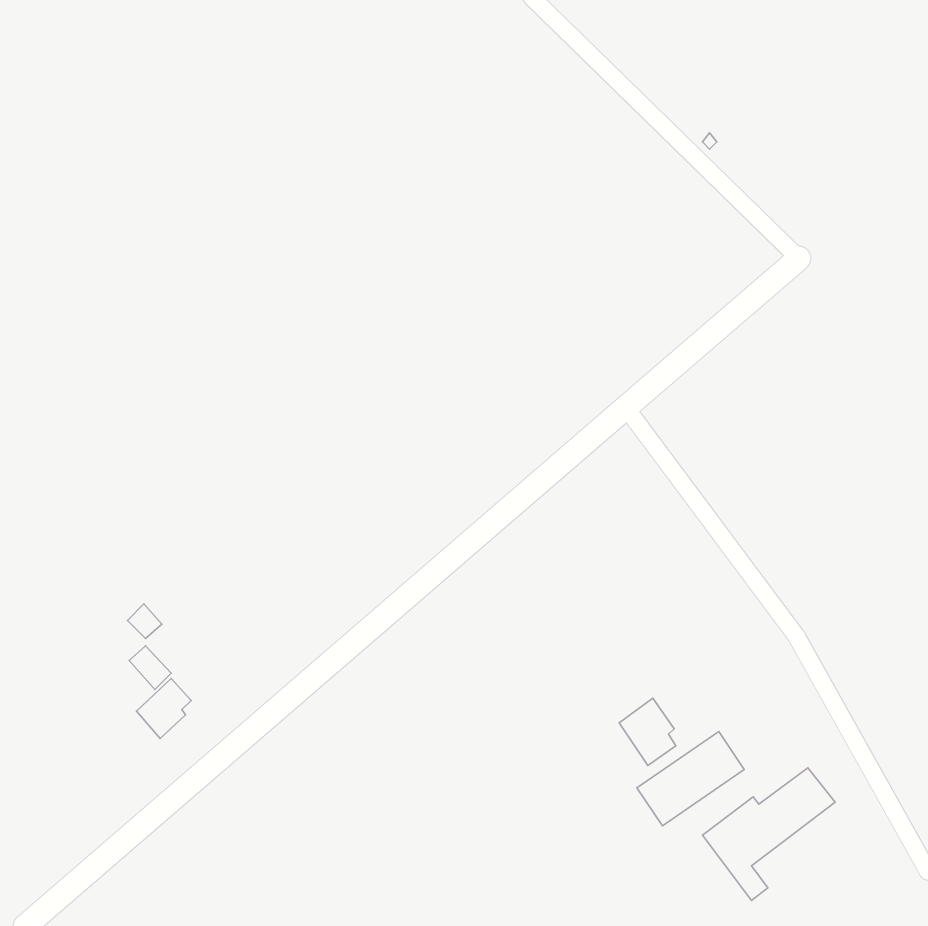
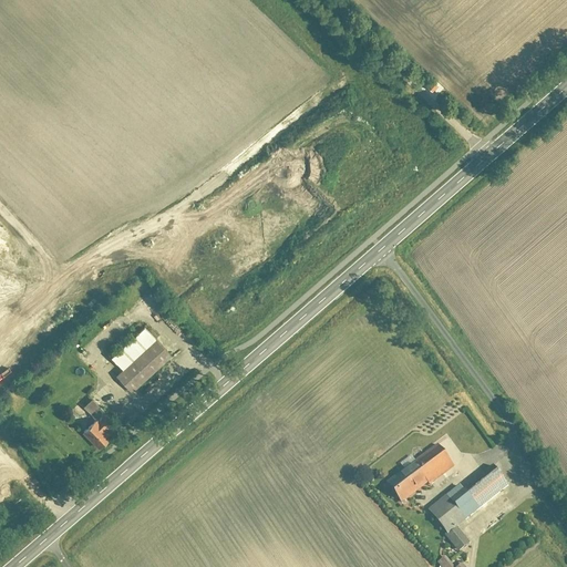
building: none -> [110,327,173,393]
building: [619,698,676,766] -> none

